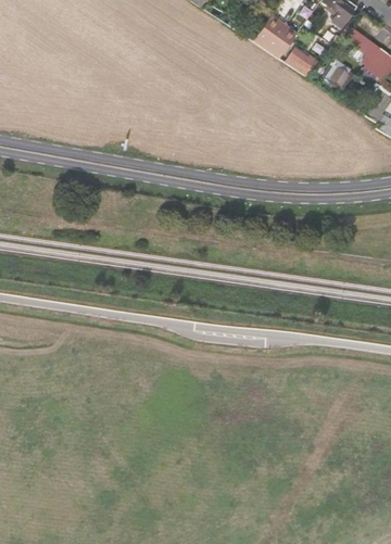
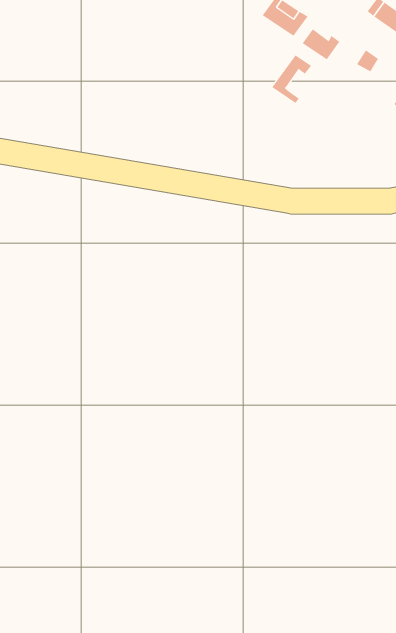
building: none -> [271,54,312,104]

